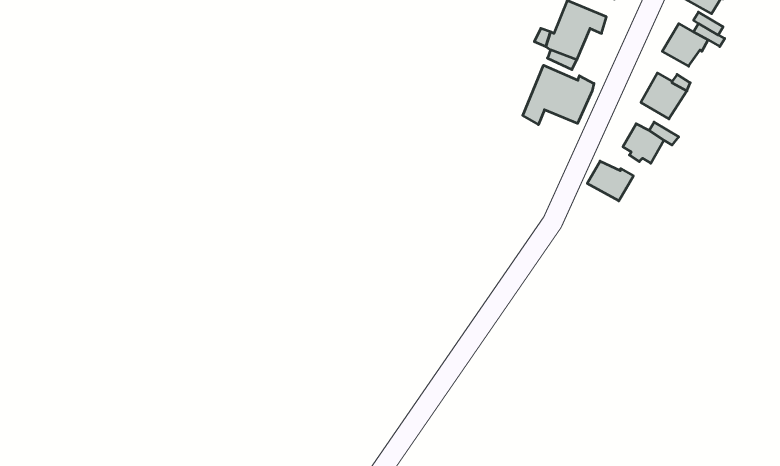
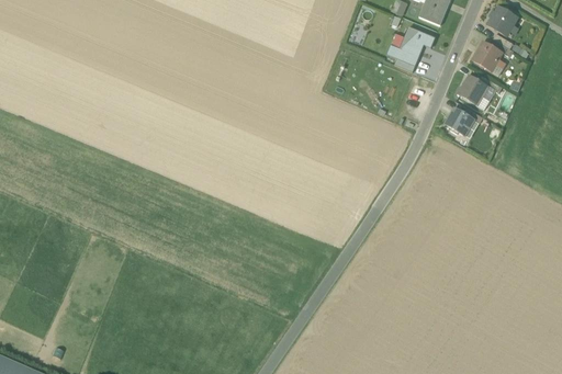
building: [523,65,594,125] -> none
building: [587,161,633,201] -> none

